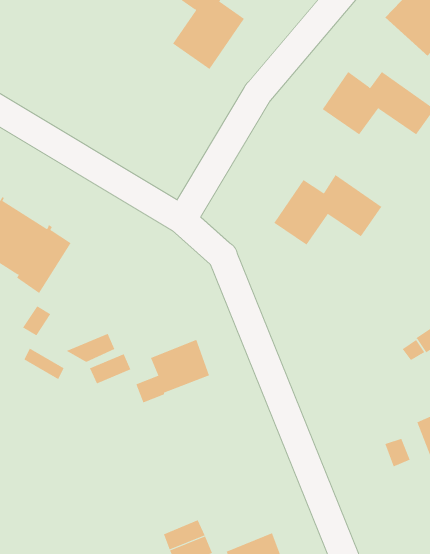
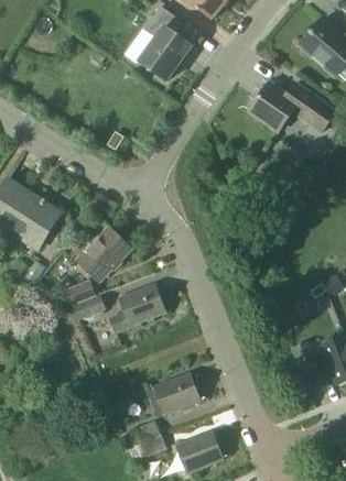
building: [274,174,382,246] -> none
building: none -> [78,225,132,277]
building: none -> [148,372,201,417]

